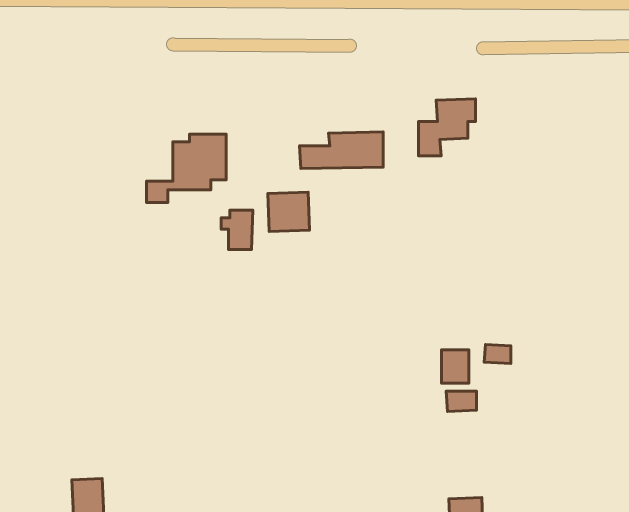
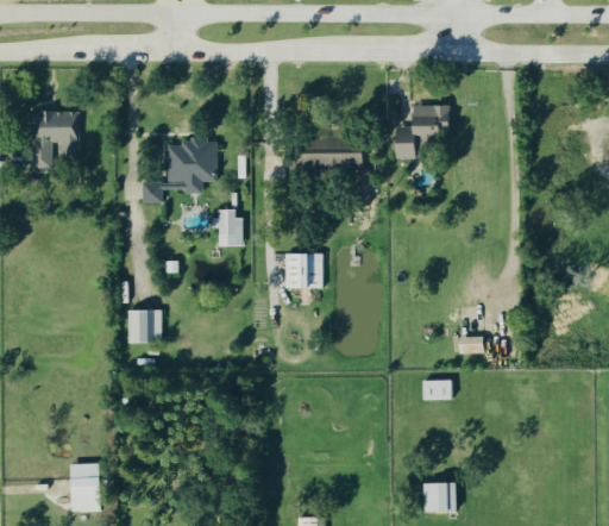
building: none -> [31,111,77,169]
building: [268,192,310,231] -> [283,252,322,289]
building: none -> [126,309,161,343]
building: [441,350,469,383] -> none

